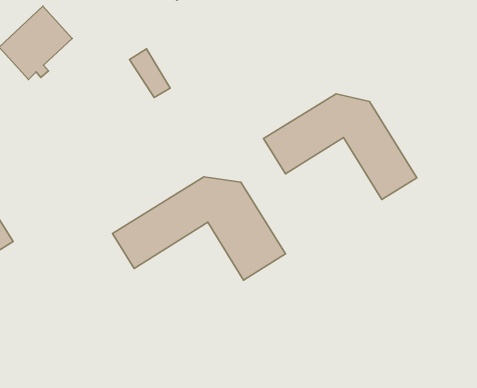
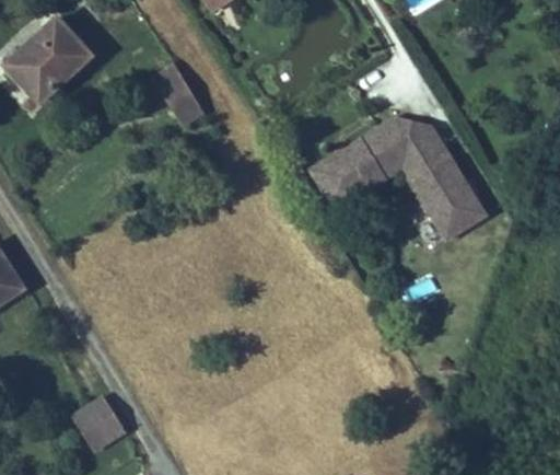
building: [112,177,286,280] -> none
building: none -> [71,396,125,451]

